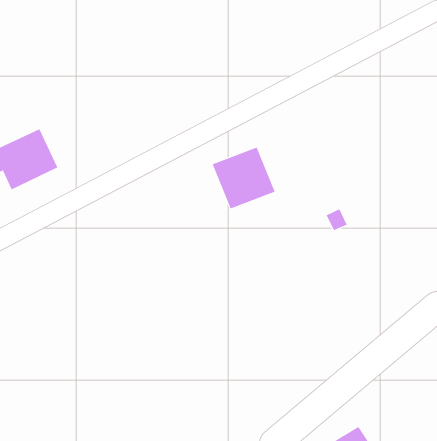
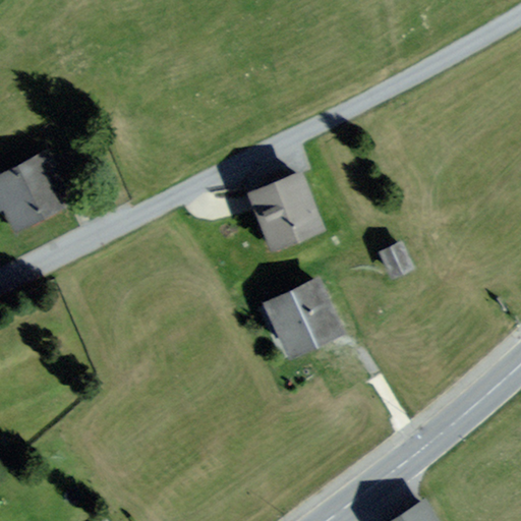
building: none -> [264,280,342,349]

